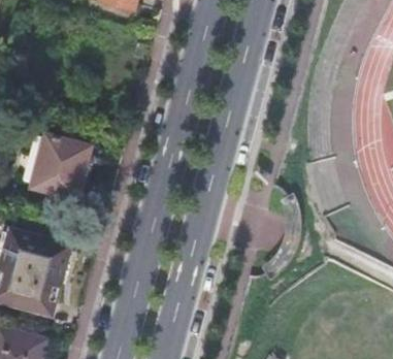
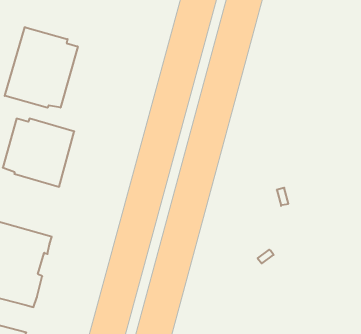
building: none -> [5,27,78,108]

